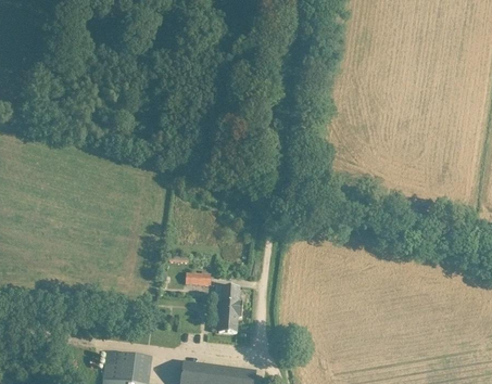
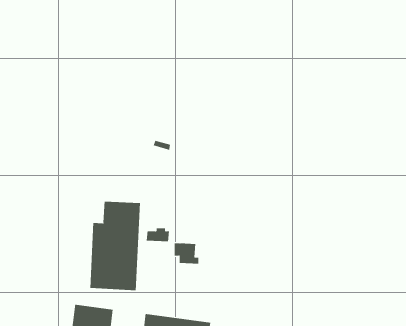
building: none -> [90,201,140,291]
building: [217,307,241,333] -> none

